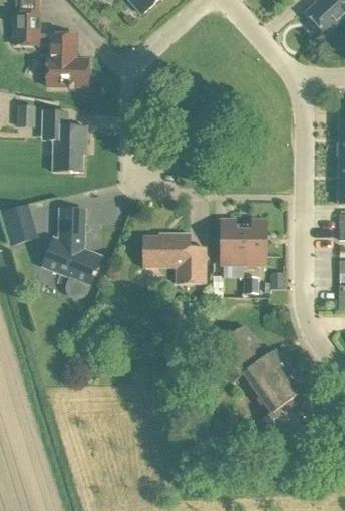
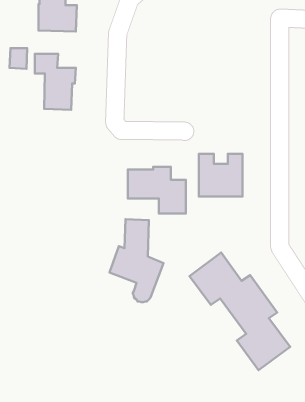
building: [11,203,42,241] -> none
building: [43,208,101,297] -> [110,219,164,302]

